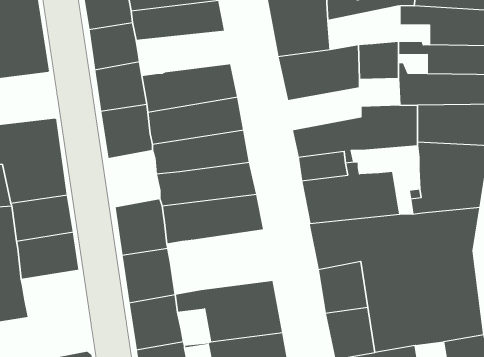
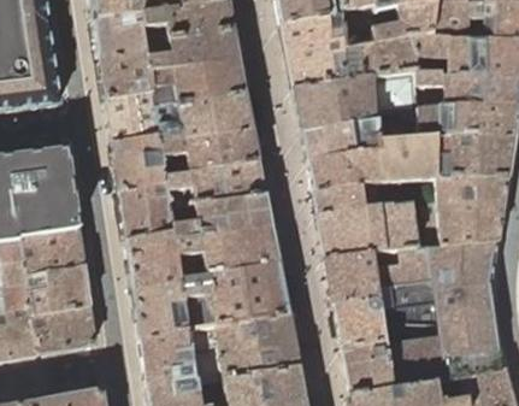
building: none -> [343,39,417,83]
building: none -> [148,64,244,110]
building: none -> [302,122,377,165]
building: none -> [119,186,172,243]
building: none -> [179,266,288,333]
building: none -> [31,307,95,355]

